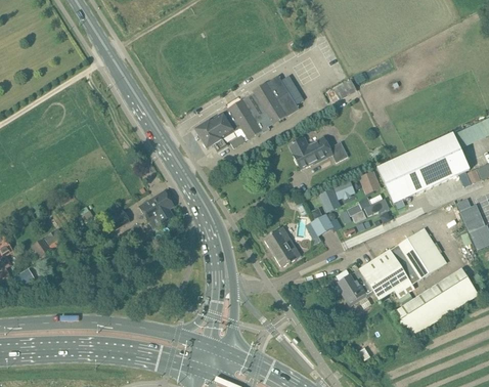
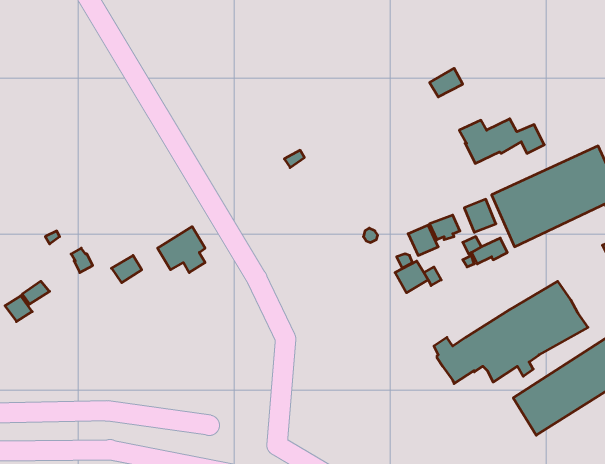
building: [194,75,298,150] -> none
building: [288,136,349,168] -> [459,119,544,163]
building: [264,226,297,266] -> none

